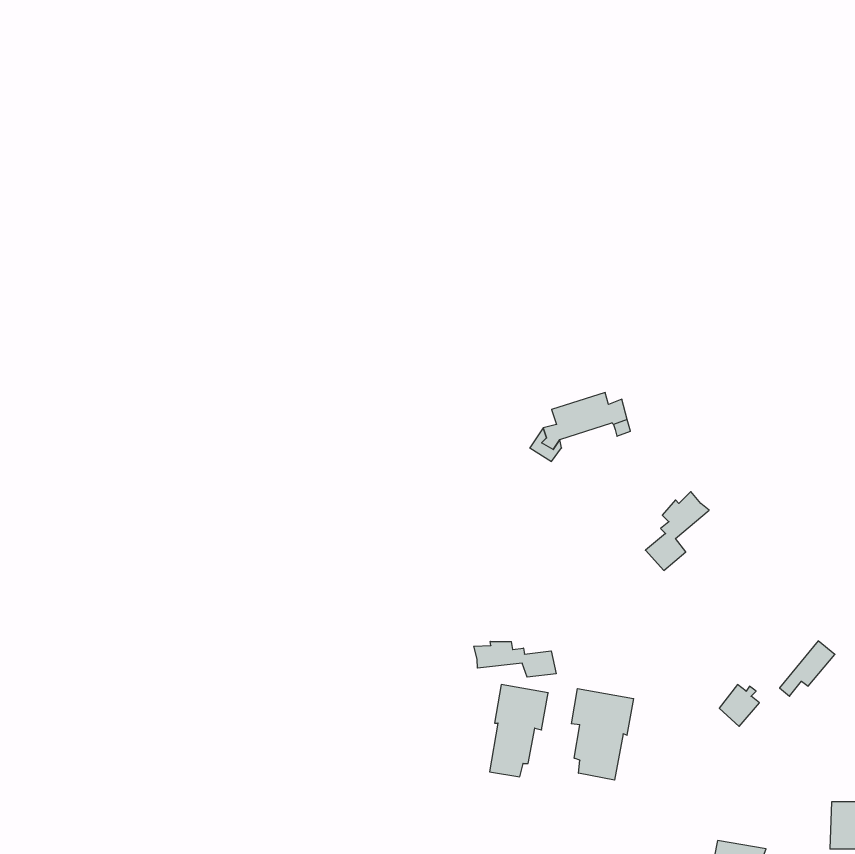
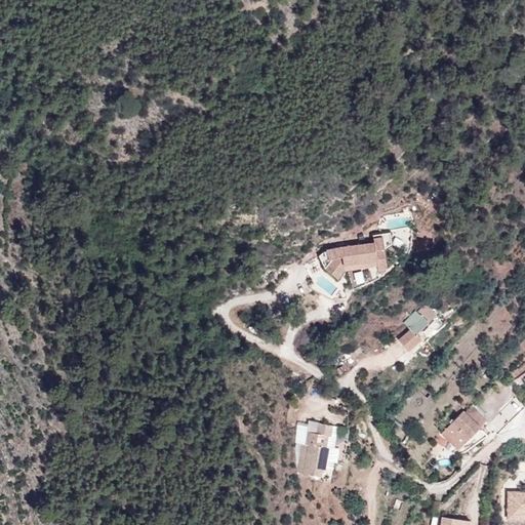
building: [474,641,556,677] -> none
building: [571,689,634,780] -> none

